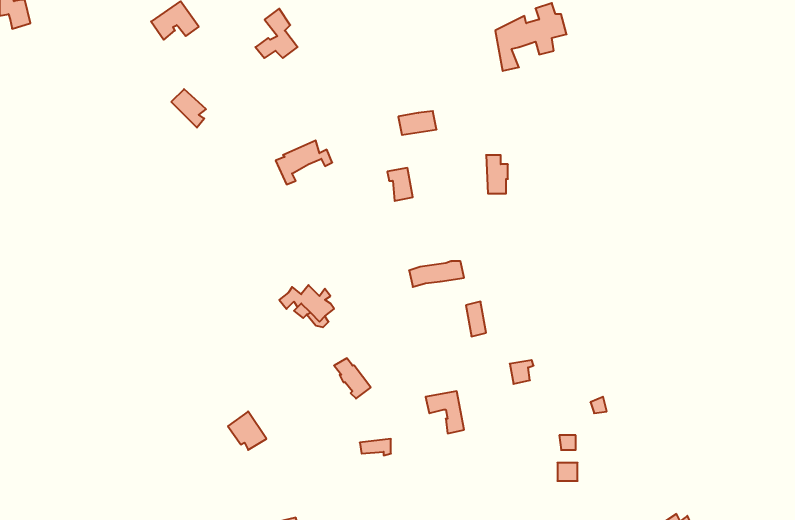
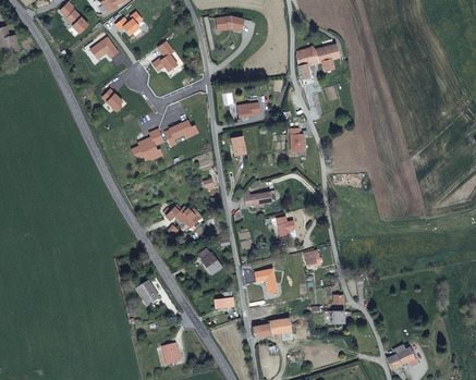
building: none -> [134,128,164,160]
building: none -> [254,318,293,341]

